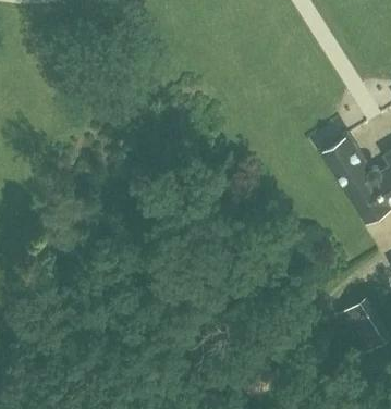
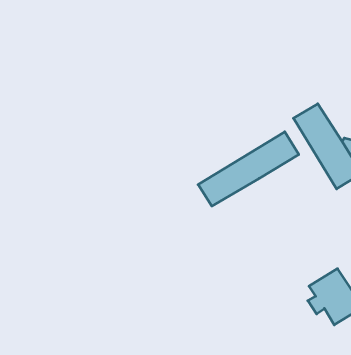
building: none -> [198,132,299,206]

